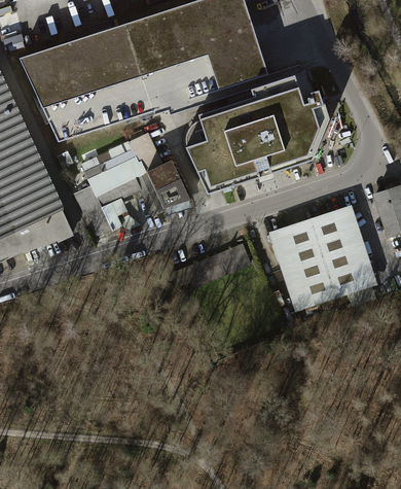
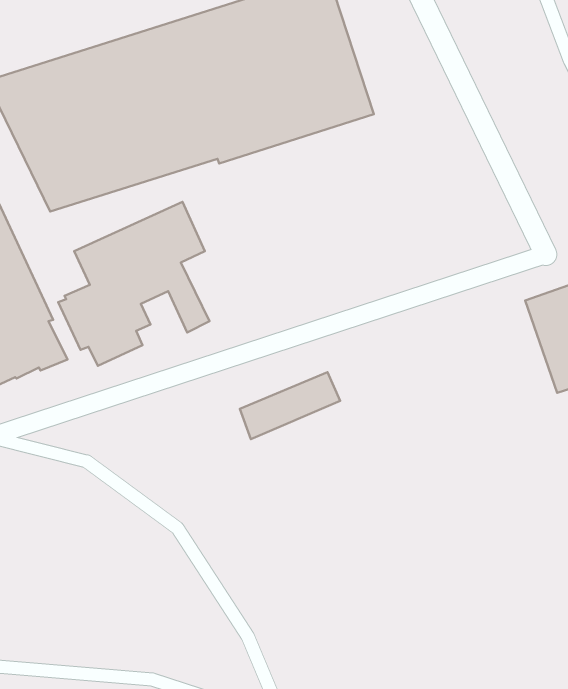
building: [185,74,329,197] -> none
building: [147,160,191,210] -> none
building: [267,206,377,313] -> none

